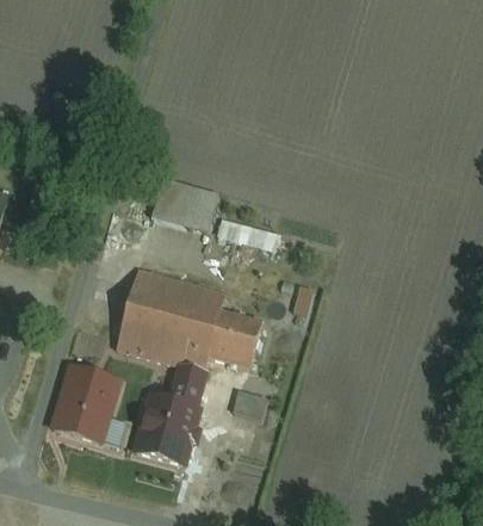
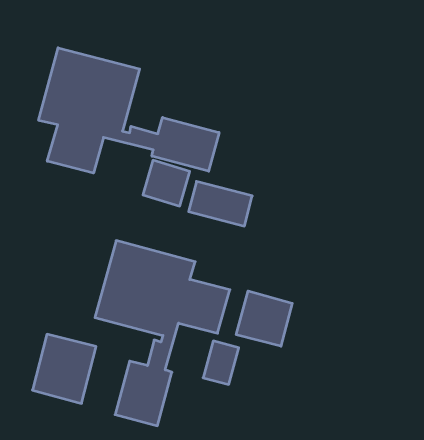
building: none -> [39,48,219,173]
building: none -> [236,291,292,346]

